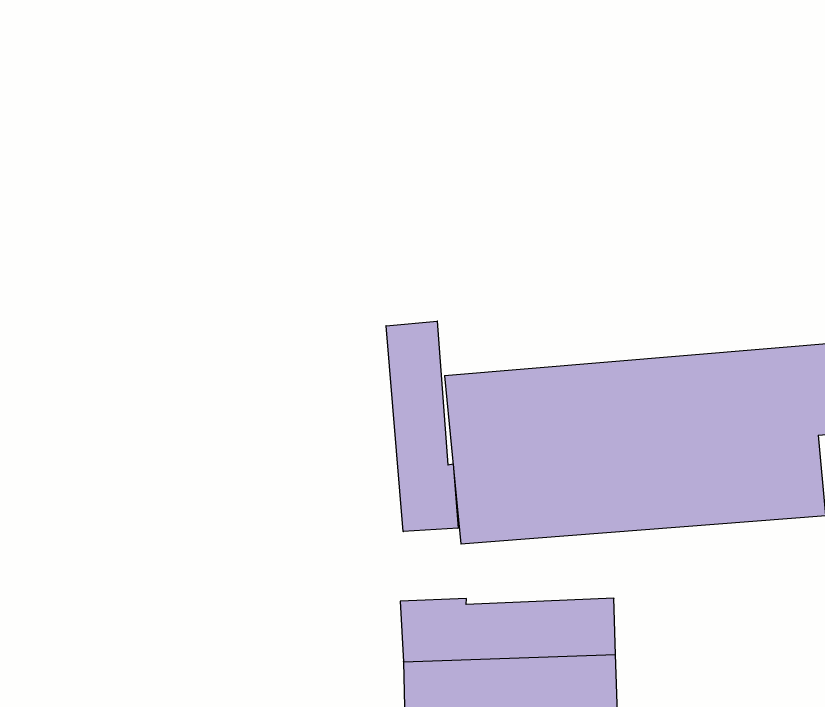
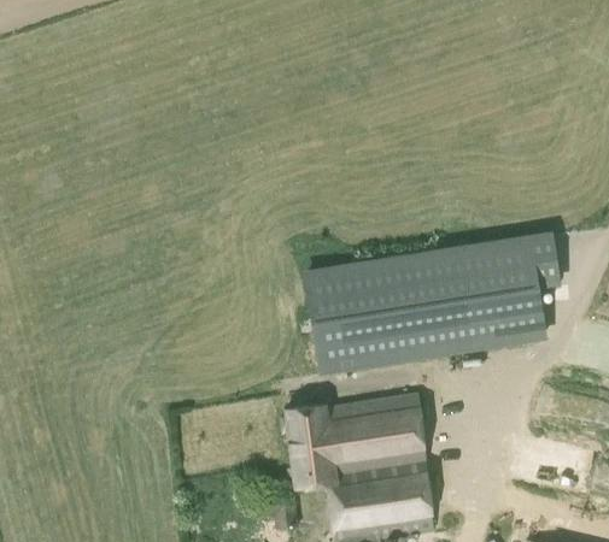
building: [386,321,458,532] -> none

